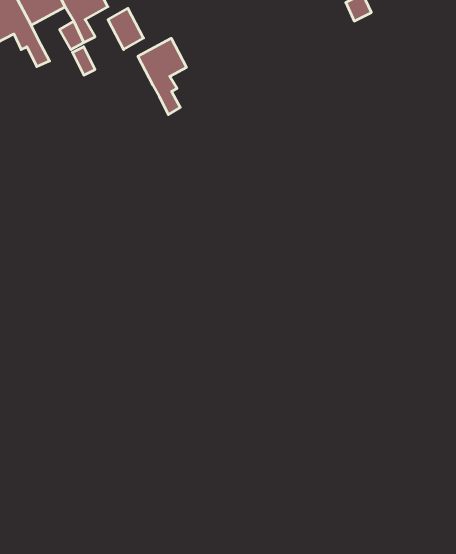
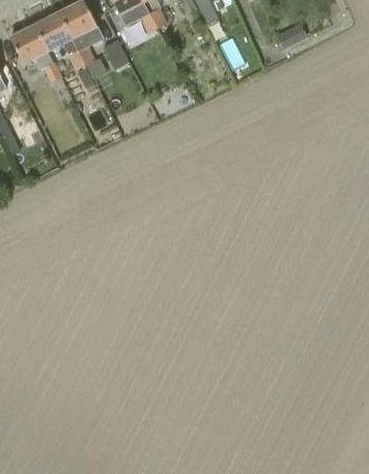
building: [138,38,186,115] -> none

